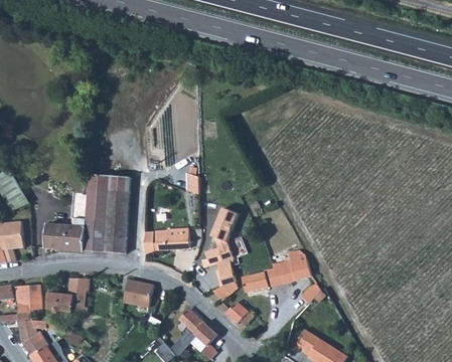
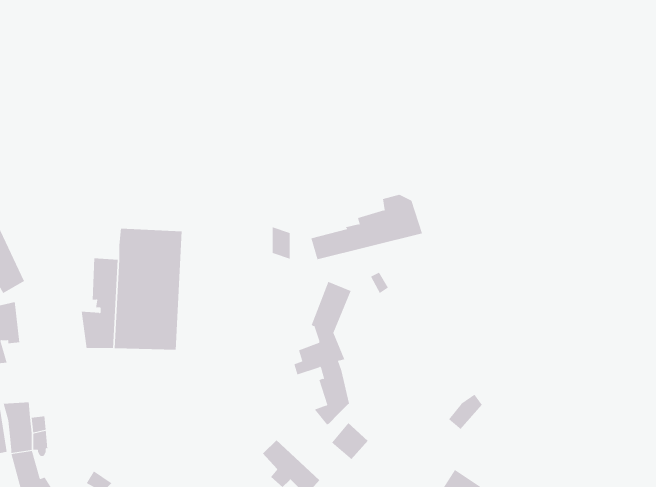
building: [45,226,66,251] -> none
building: [145,229,188,252] -> none
building: [241,249,313,292] -> [310,194,423,260]
building: [45,279,89,315] -> none
building: [122,280,152,305] -> none

